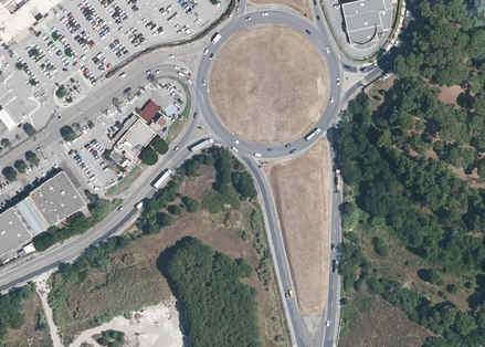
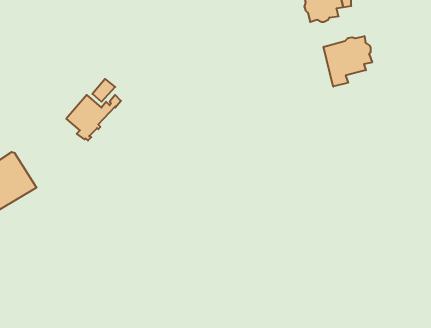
building: none -> [324,36,372,87]

